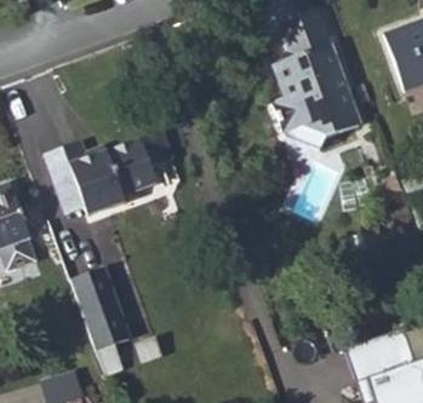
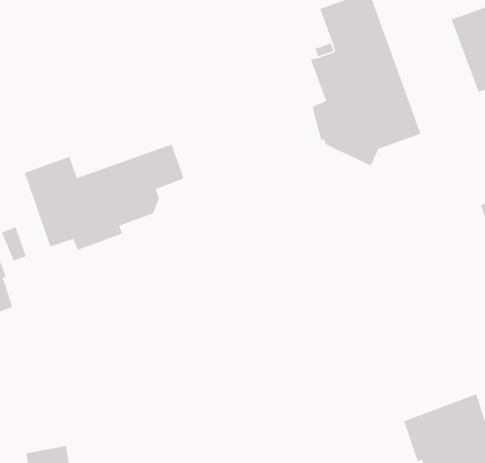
building: [69,267,130,351] -> none

